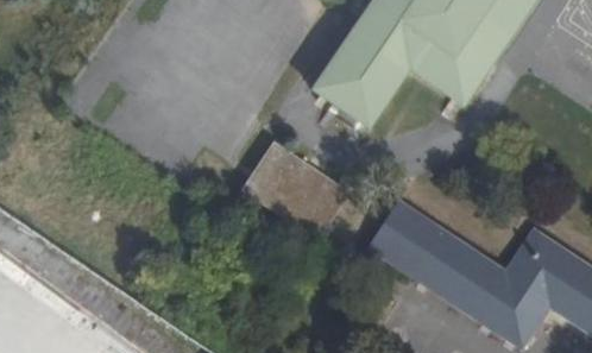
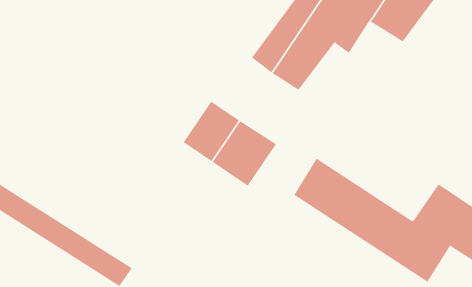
building: [430,45,492,106] -> none

